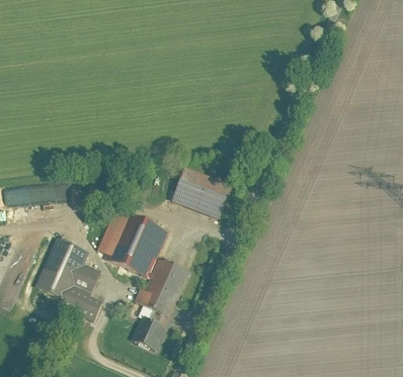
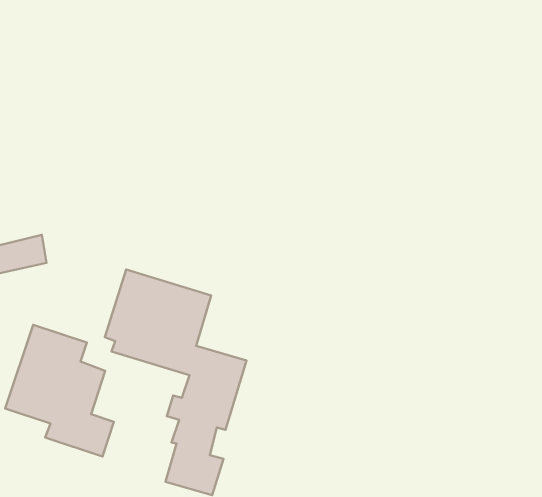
building: [172,166,234,218] -> none

